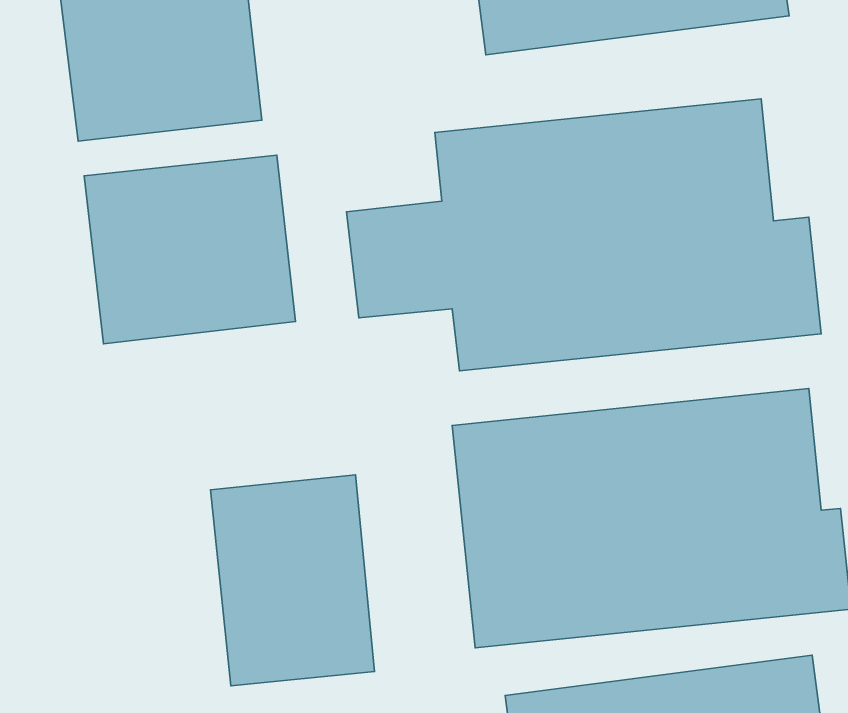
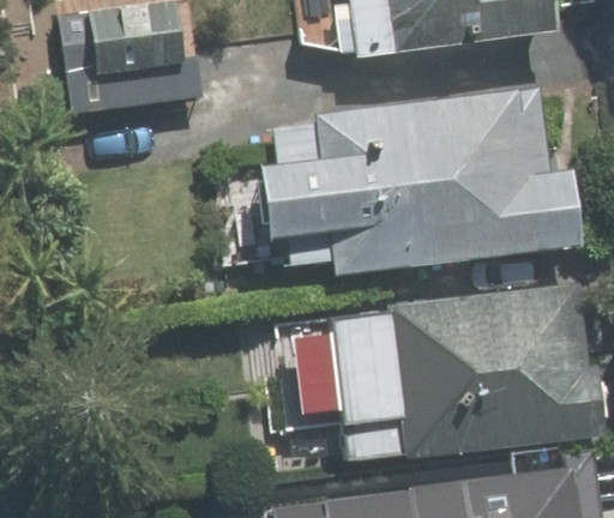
building: [84,155,296,344] -> none
building: [210,475,375,686] -> none

